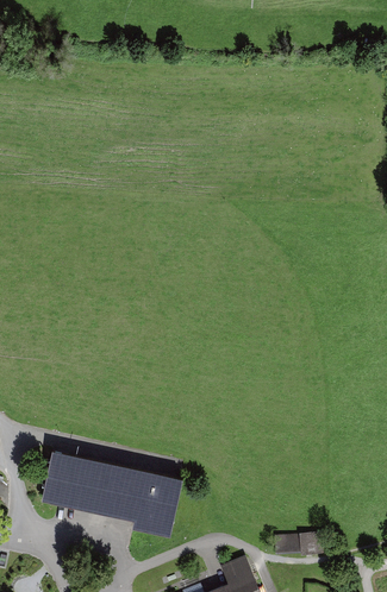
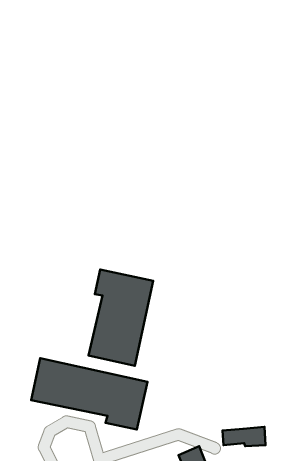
building: none -> [88,270,153,366]

